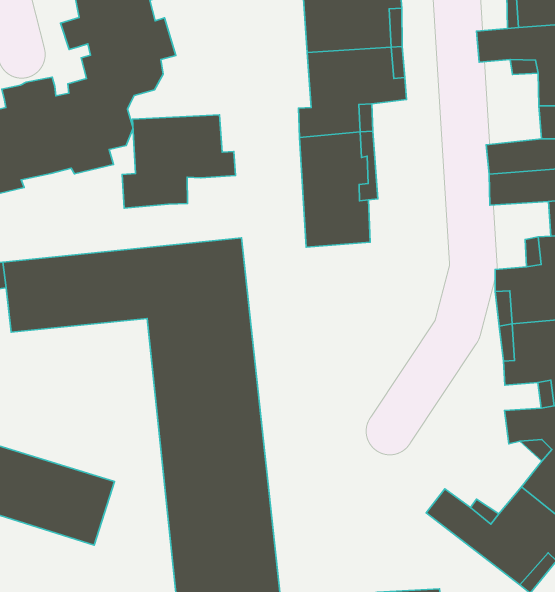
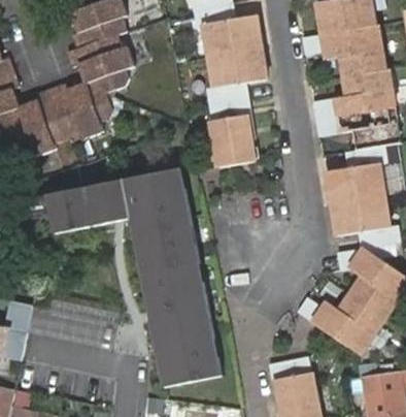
building: [122,115,236,208] -> none

